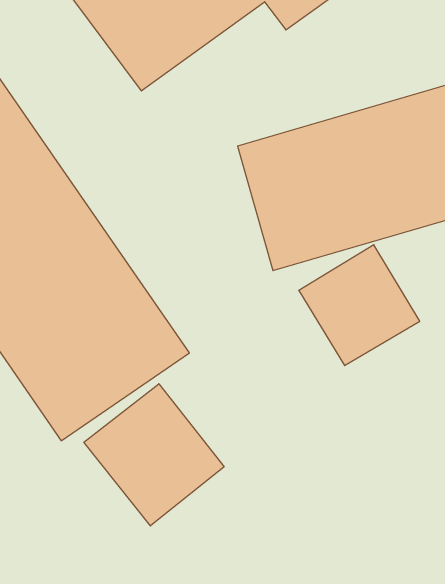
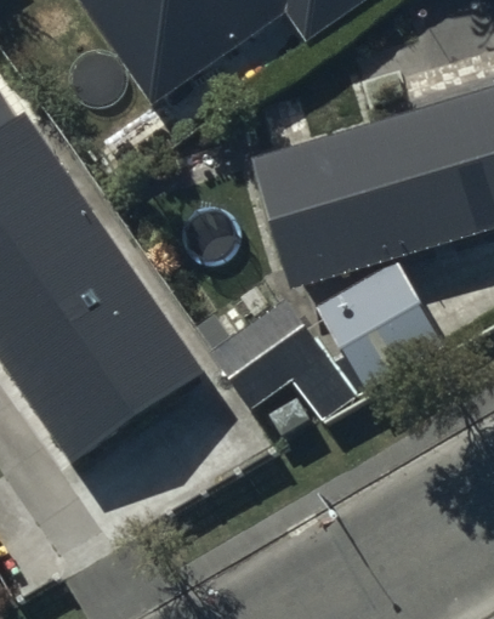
building: none -> [209,299,356,421]
building: [84,384,224,526] -> none

